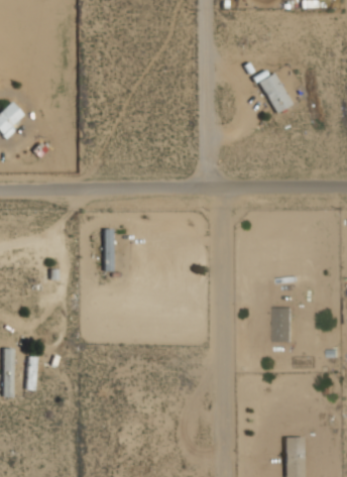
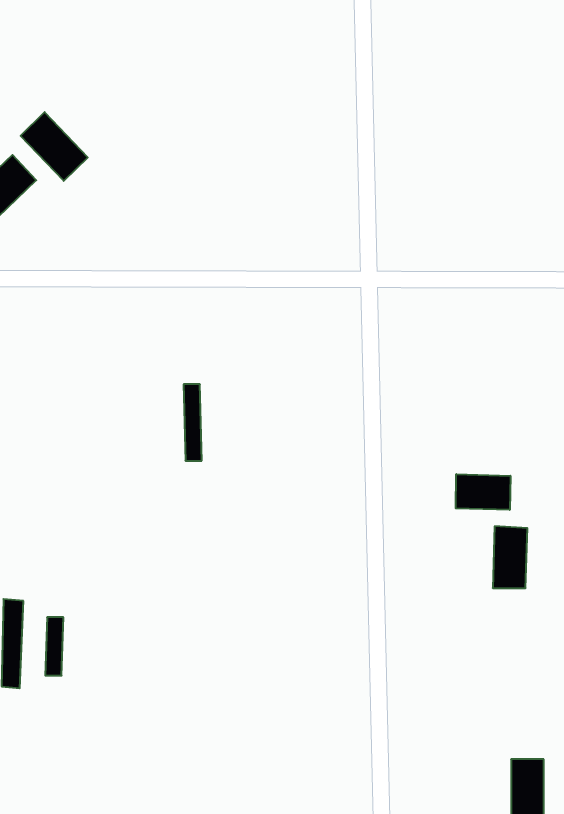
building: [257,73,291,113] -> none
building: none -> [21,112,88,181]
building: none -> [456,474,510,510]

